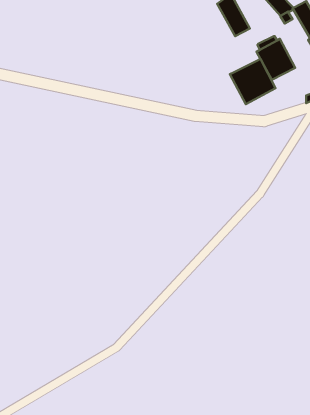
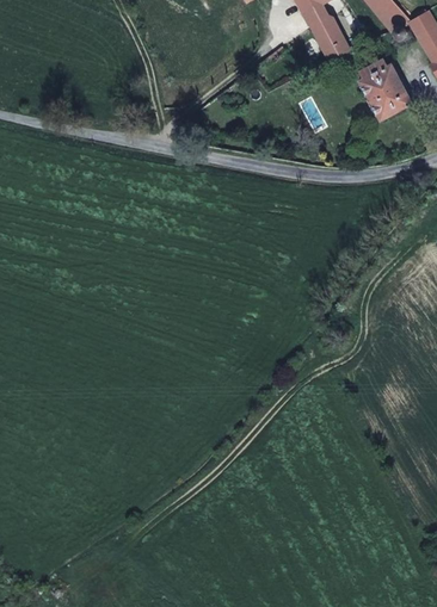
building: [230,59,275,104] -> none

